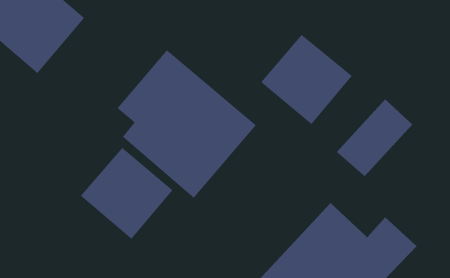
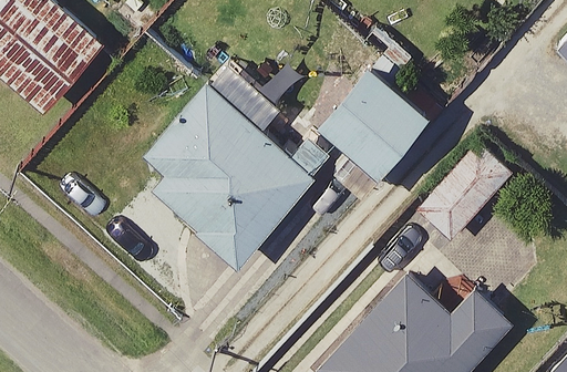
building: [80,147,174,240] -> none

